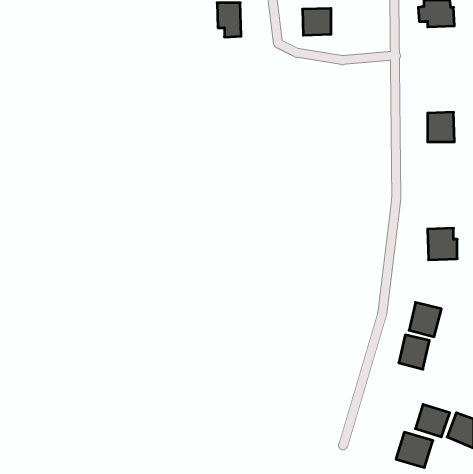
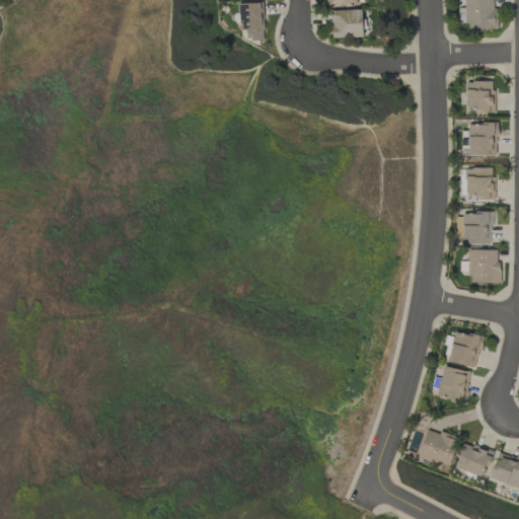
building: none -> [466,81,495,113]
building: none -> [465,168,496,199]
building: none -> [462,212,493,244]
building: [396,432,433,467] -> [418,429,458,467]

